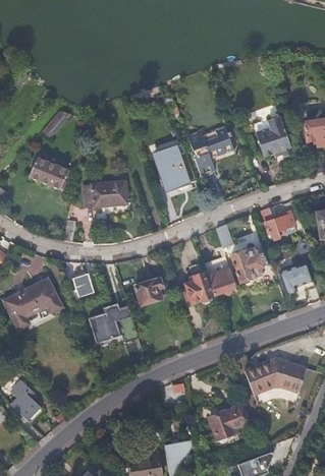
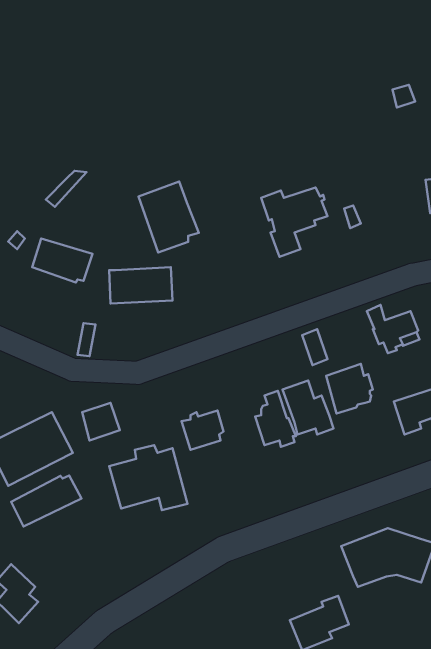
building: [255,120,291,158] -> none
building: [156,143,197,191] -> [139,182,199,252]
building: none -> [11,475,81,527]

